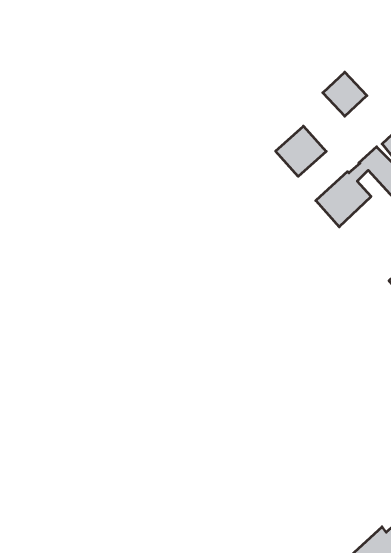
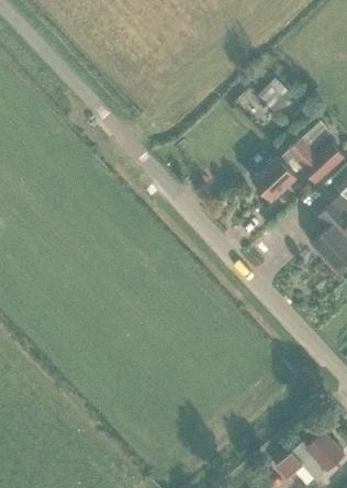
building: [276,126,326,176] -> none

